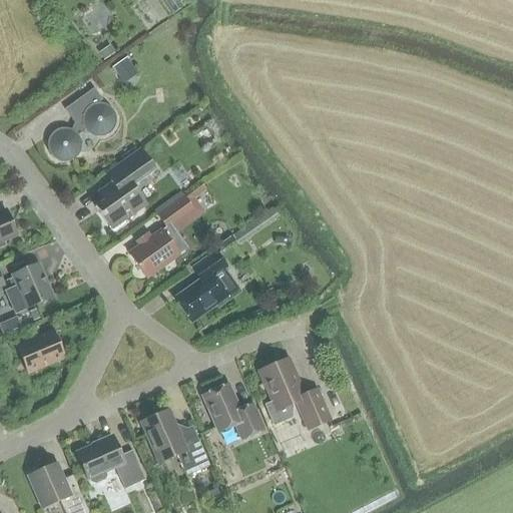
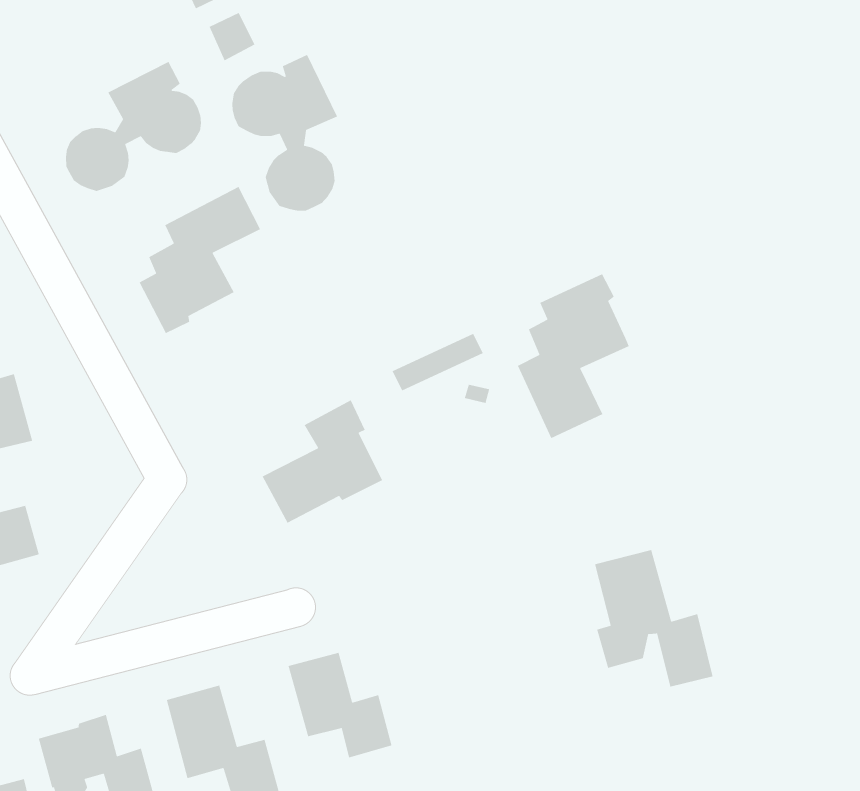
building: none -> [231,54,338,211]
building: none -> [517,273,630,439]
building: [129,193,194,276] -> none
building: [259,357,330,428] -> [594,549,713,688]

